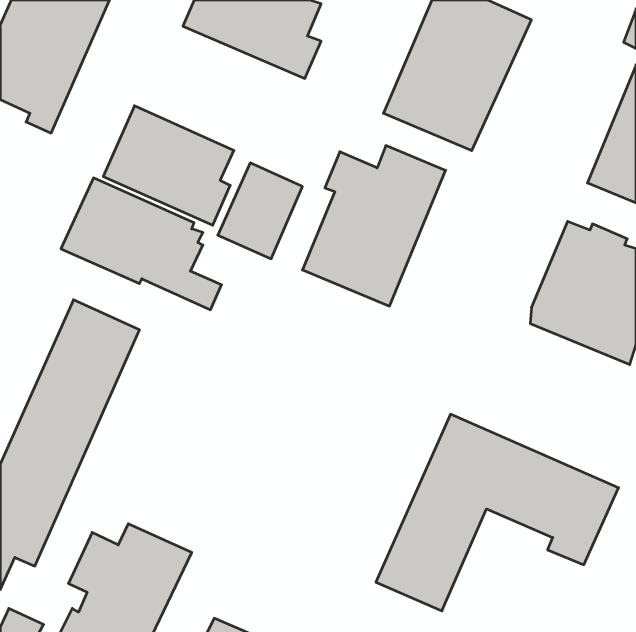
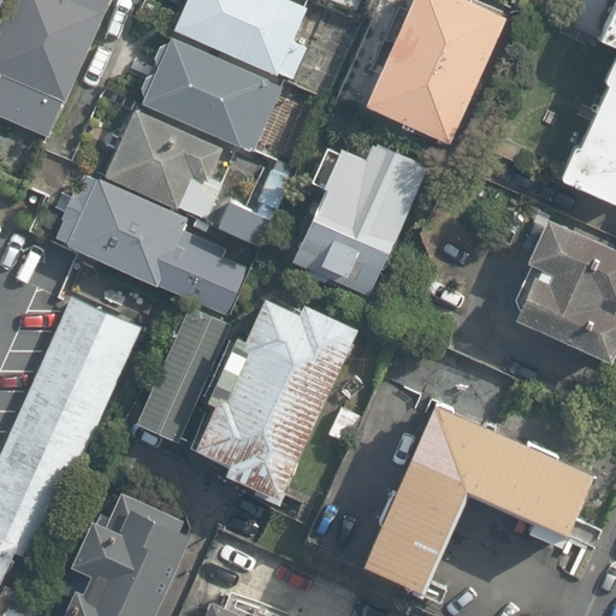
building: none -> [142,38,272,147]
building: none -> [186,296,360,500]
building: none -> [138,307,231,439]

